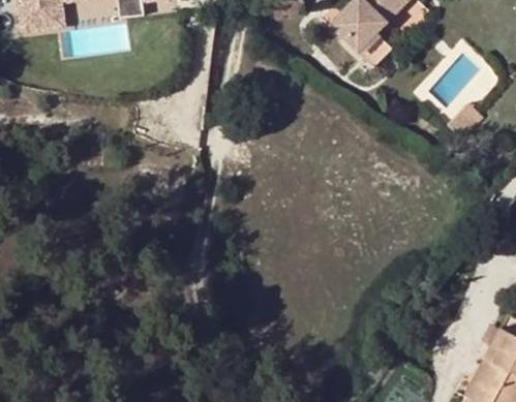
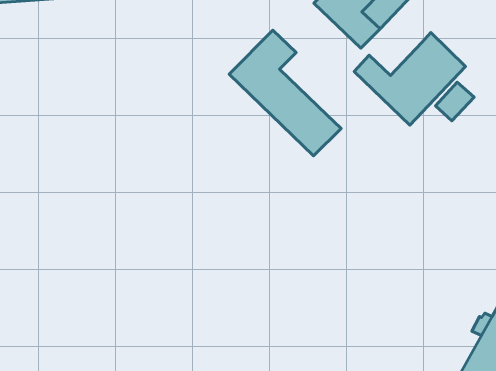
building: none -> [229,30,341,156]
building: none -> [354,32,466,125]

